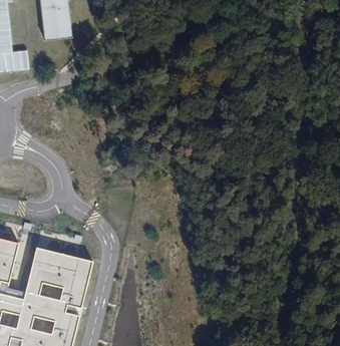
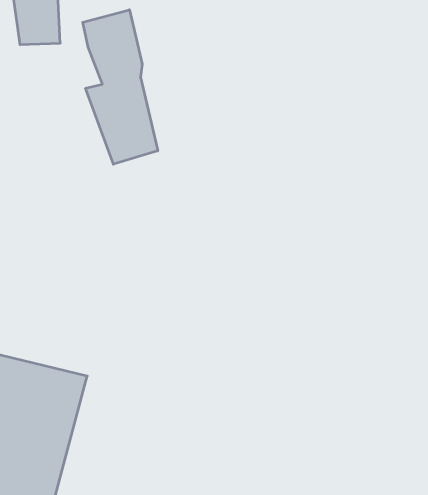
building: none -> [83,10,158,164]

